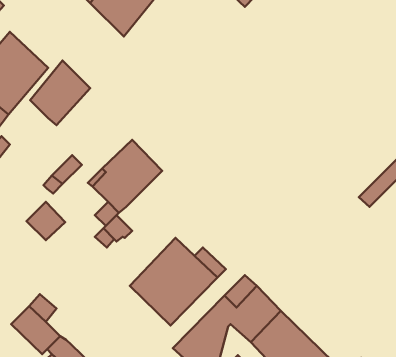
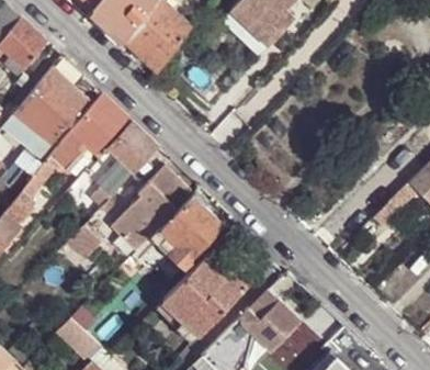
building: none -> [110,125,156,172]
building: none -> [47,131,87,176]
building: none -> [158,195,223,267]

